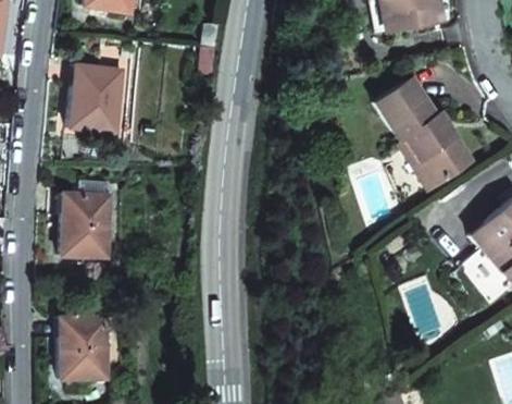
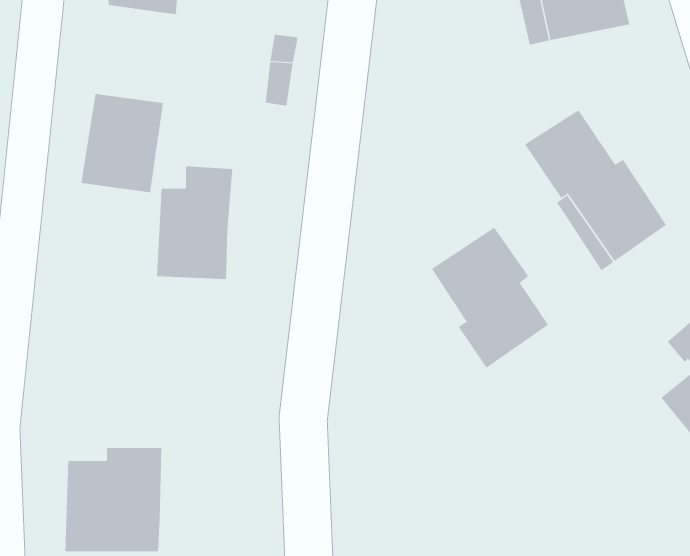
building: none -> [431,227,549,369]
building: [63,182,115,259] -> [156,166,233,280]

